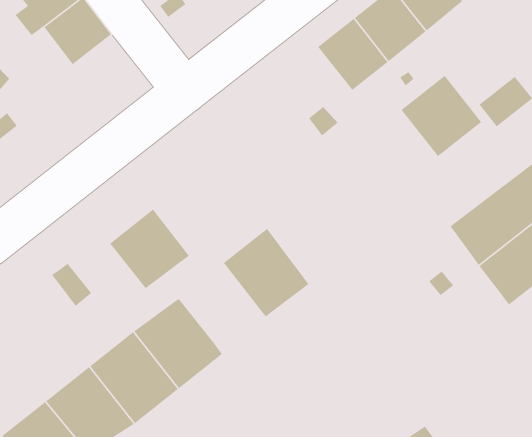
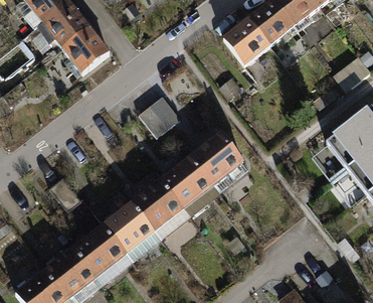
building: none -> [62,26,108,75]
building: [400,75,482,157] -> none
building: none -> [135,92,177,133]
building: none -> [191,131,248,191]
building: [109,209,190,289] -> [133,177,186,231]

